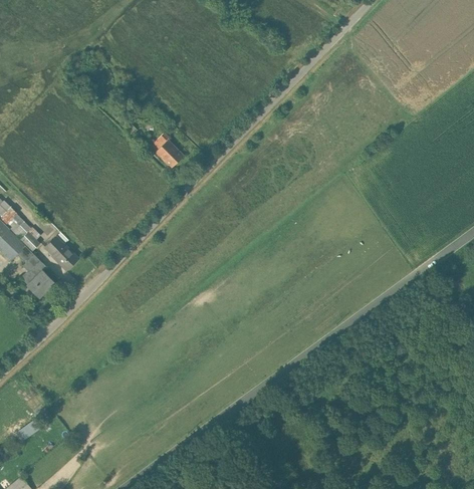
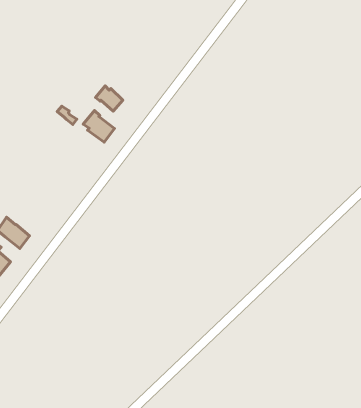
building: none -> [95,86,123,111]

